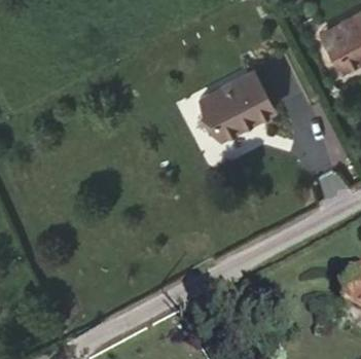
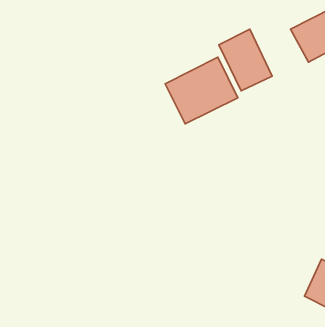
building: none -> [219,29,272,91]

